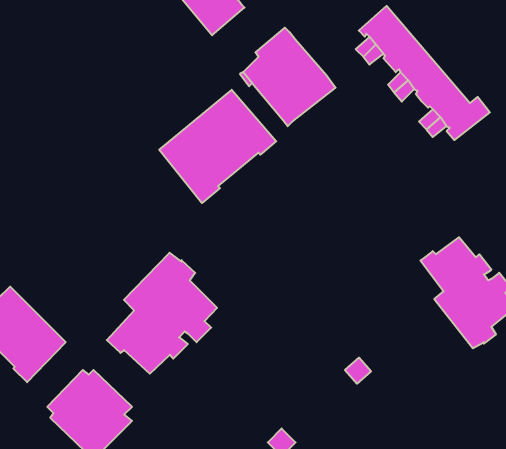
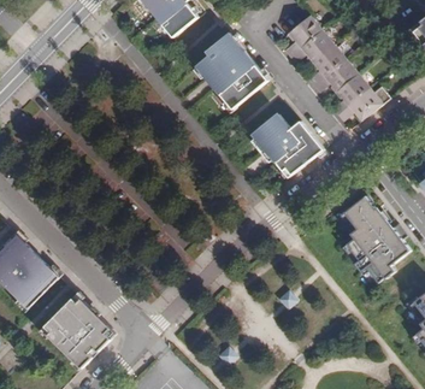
building: [159,90,276,203] -> none
building: none -> [253,112,326,176]
building: [107,253,217,374] -> none

